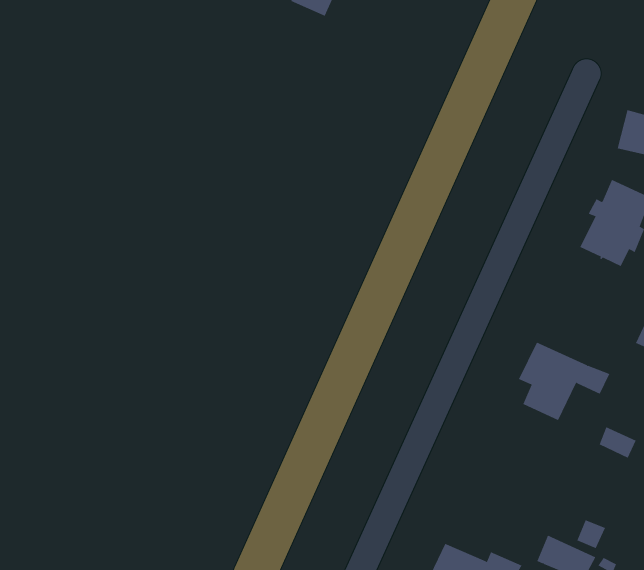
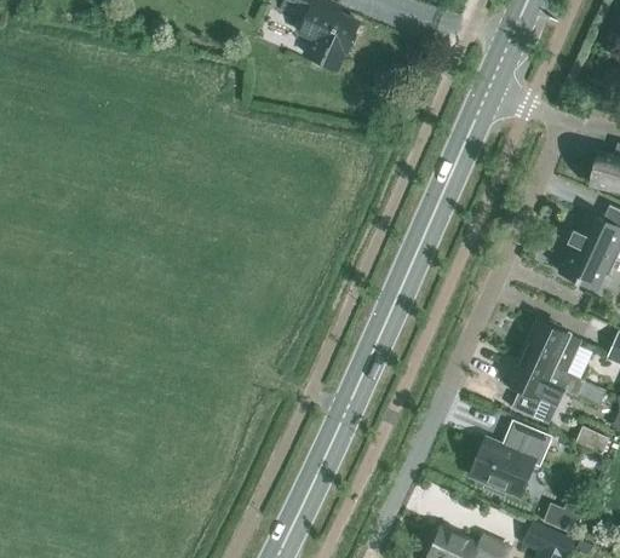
building: none -> [523,320,582,374]
building: none -> [470,419,550,493]

